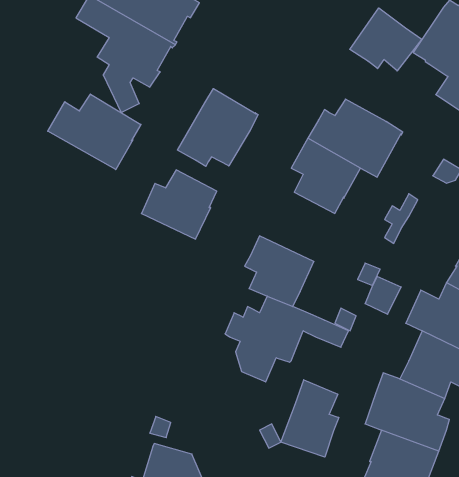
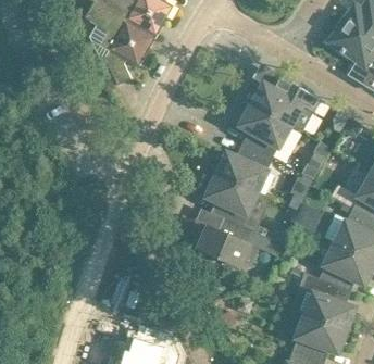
building: [350,8,422,71] -> none
building: [177,89,258,166] -> none
building: [48,94,141,170] -> none
building: [141,170,217,239] -> [217,142,272,192]
building: [281,380,339,457] -> none

